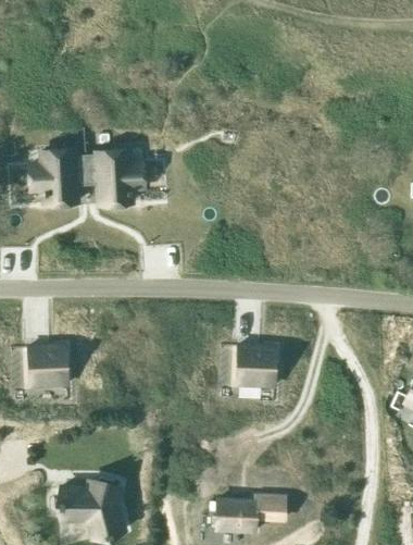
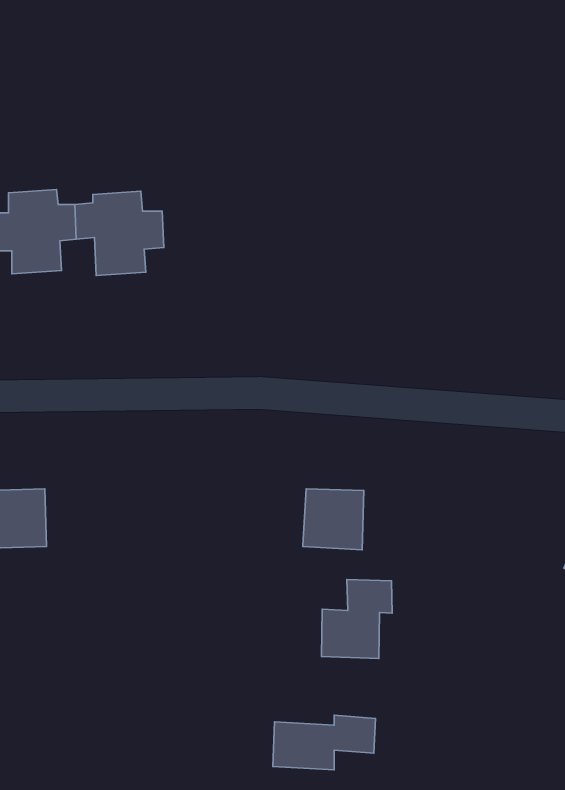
building: none -> [321,580,392,659]
building: [61,476,125,538] -> none

